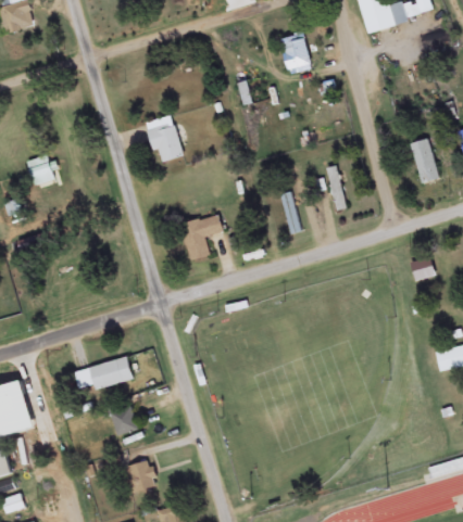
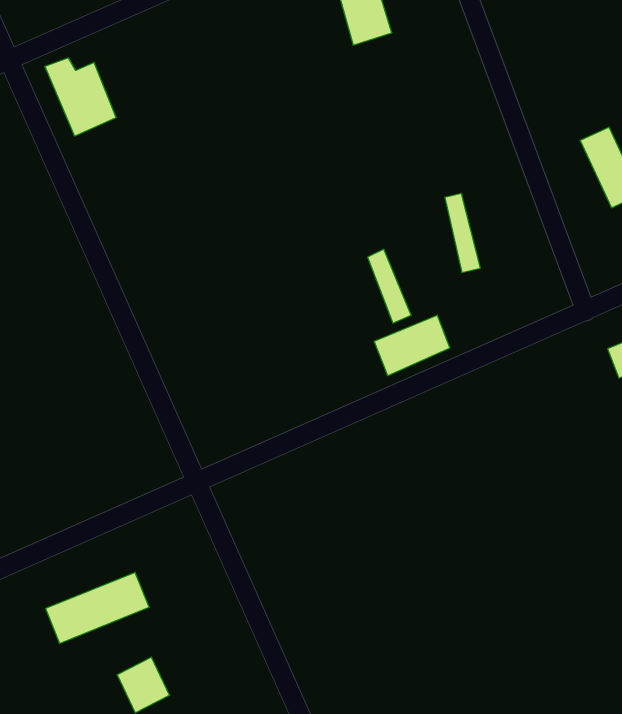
building: [146,119,183,164] -> [45,58,116,136]
building: [180,215,223,260] -> none
building: none -> [374,315,450,376]

